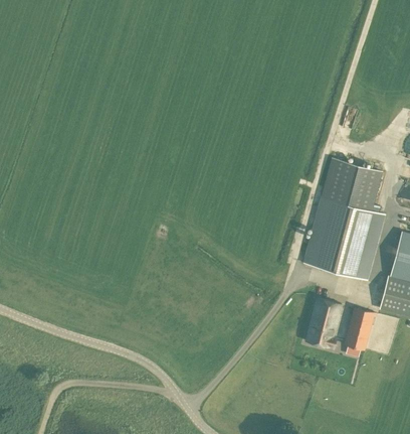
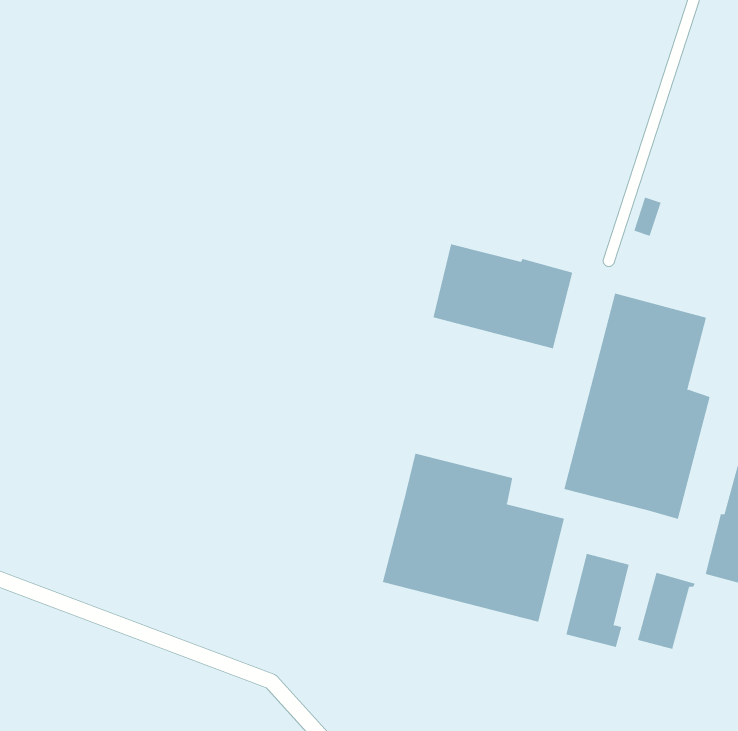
building: none -> [433,244,573,349]
building: none -> [382,453,565,622]

